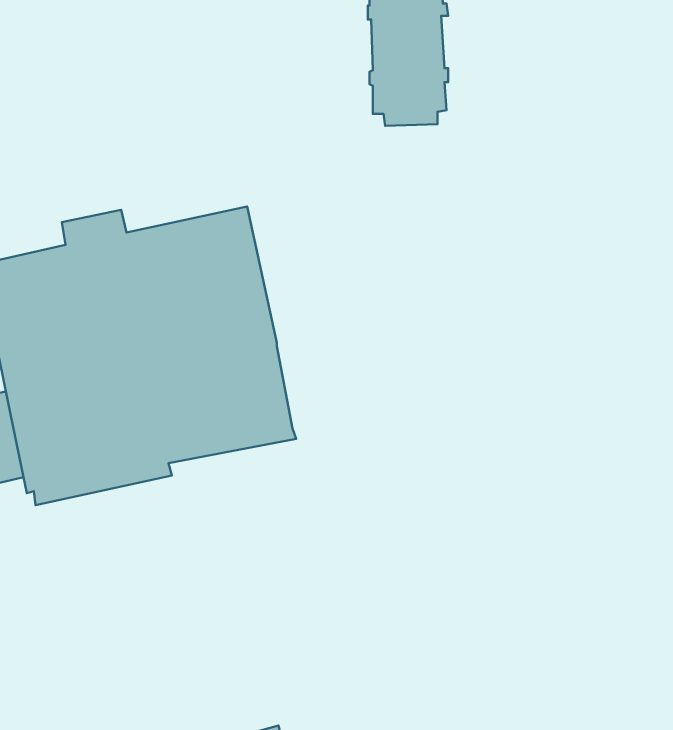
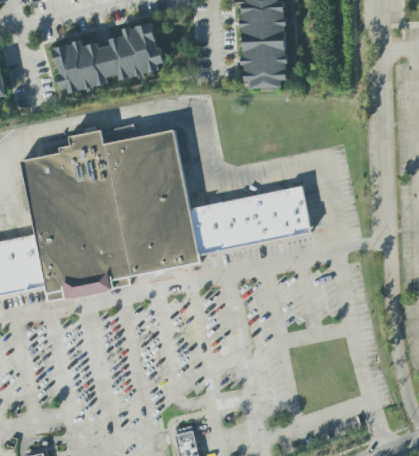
building: none -> [52,17,165,88]
building: none -> [190,187,311,256]

